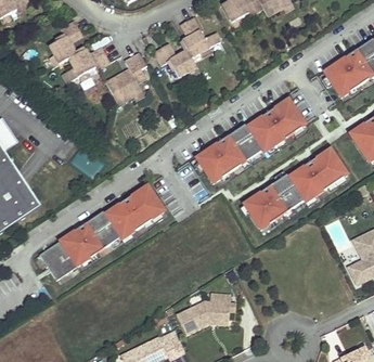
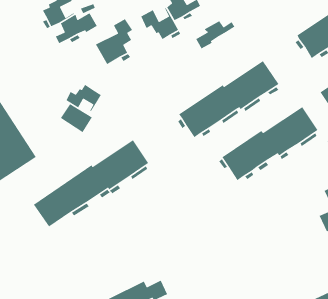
building: none -> [195,20,235,50]
building: none -> [66,84,102,112]
building: [176,292,230,334] -> none

